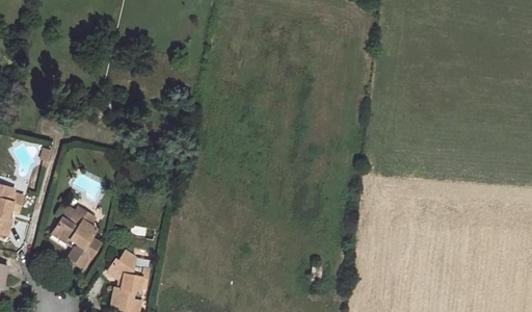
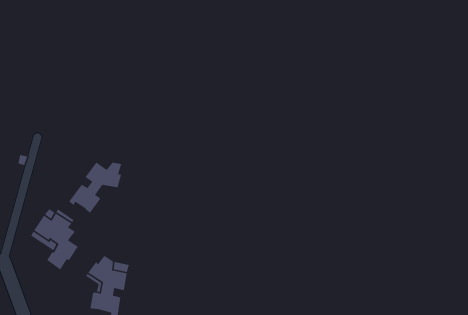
building: none -> [68,161,122,214]

